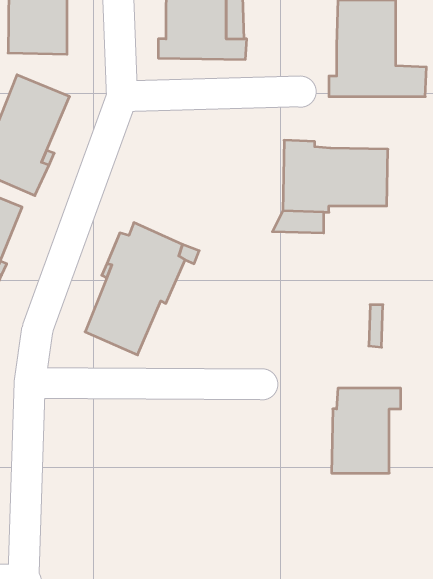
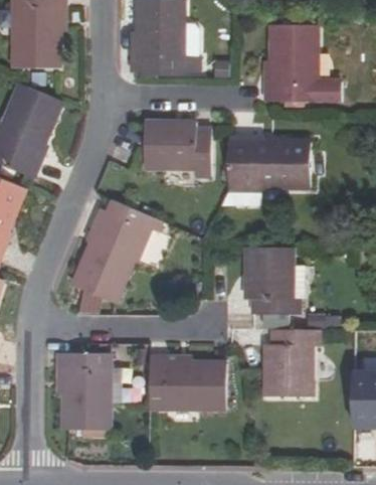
building: none -> [144,120,210,176]
building: none -> [244,247,299,314]
building: none -> [56,352,110,430]
building: none -> [148,355,224,409]

